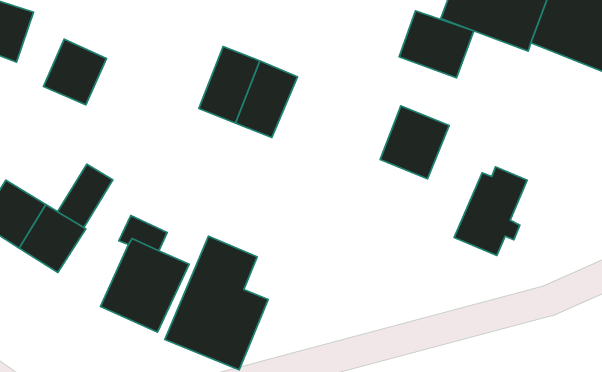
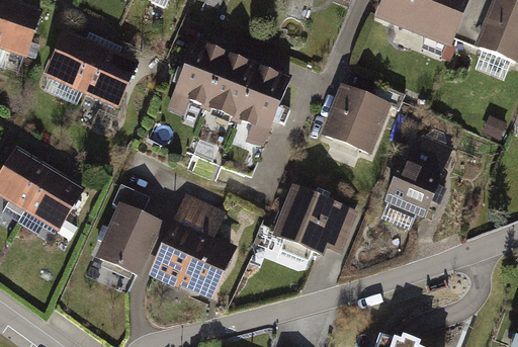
building: [399,11,474,78] -> none
building: none -> [82,50,135,104]
building: none -> [237,65,287,142]
building: [58,164,113,227] -> none
building: none -> [275,187,352,251]

